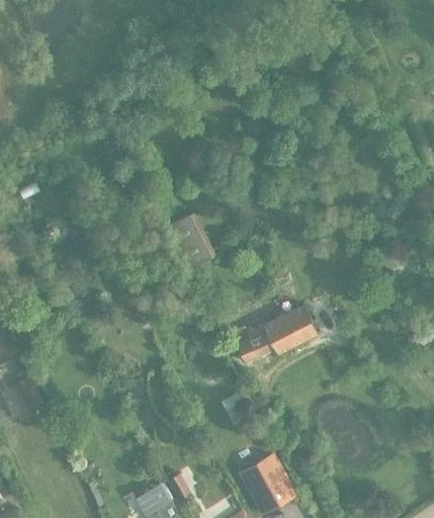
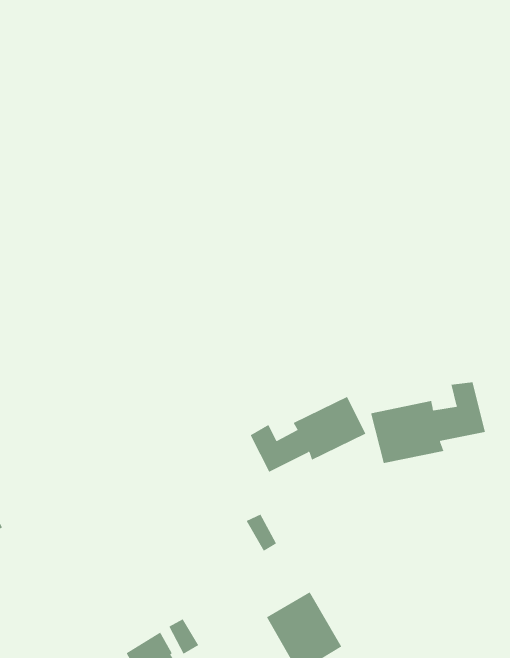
building: [170,214,212,267] -> none
building: none -> [371,381,486,464]

